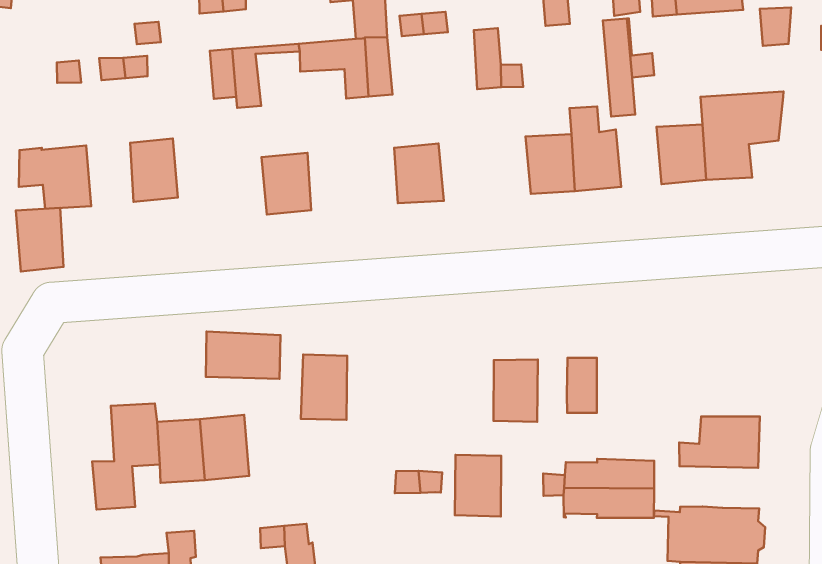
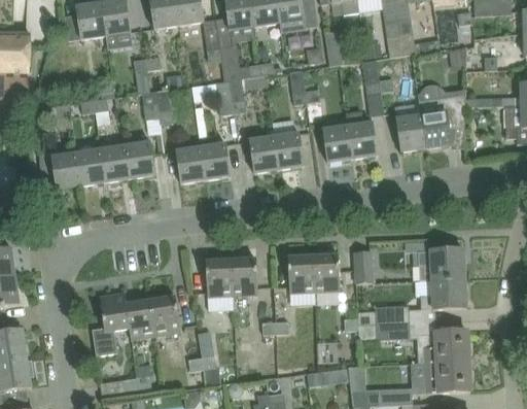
building: none -> [125,139,155,176]
building: none -> [274,133,304,168]
building: none -> [201,143,231,178]
building: [16,208,63,271] -> [76,147,105,184]
building: [206,331,281,379] -> none
building: none -> [231,258,257,295]
building: none -> [418,248,464,279]
building: [455,455,501,517] -> [287,255,315,291]

